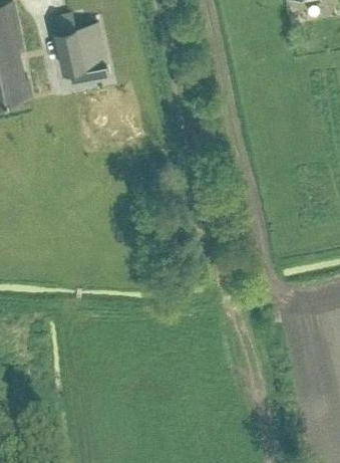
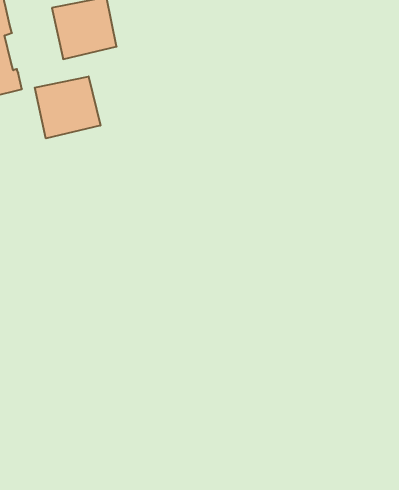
building: none -> [35,76,100,138]

